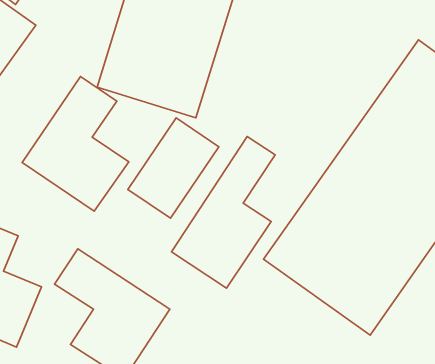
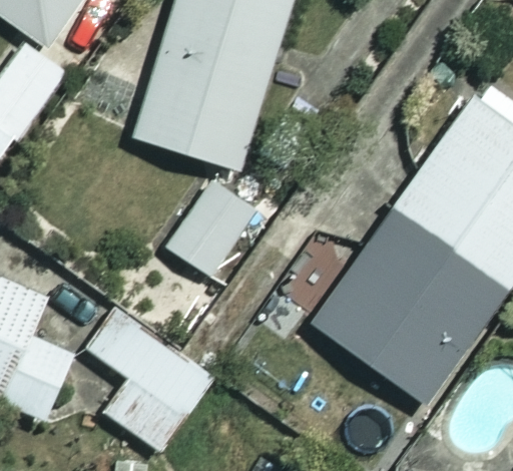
building: [22,76,129,211] -> none
building: [172,136,275,288] -> none

